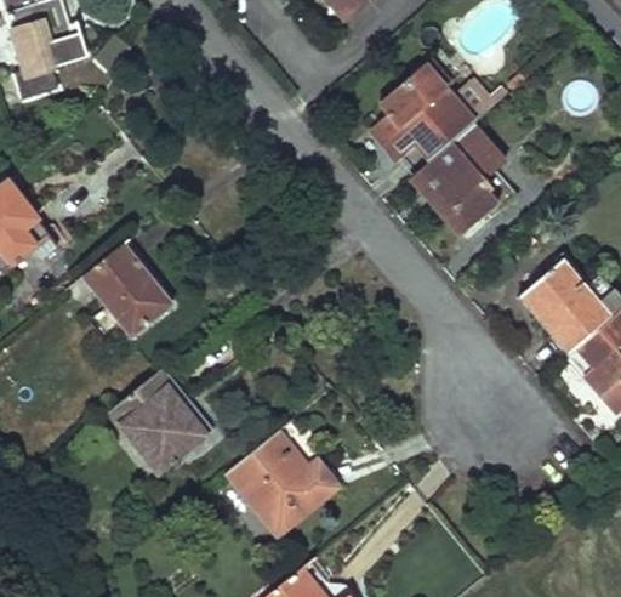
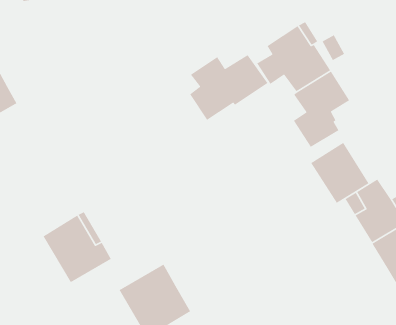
building: none -> [189,54,269,121]
building: none -> [310,142,369,204]
building: [81,245,173,341] -> none

